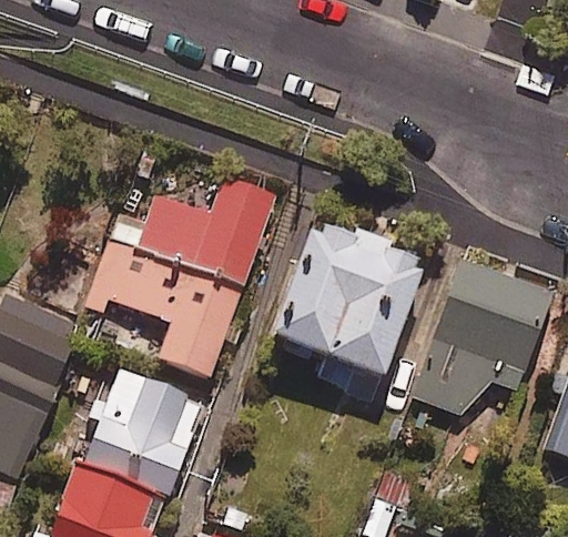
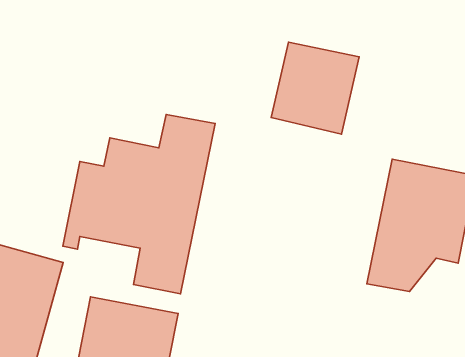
building: none -> [271,42,359,134]
building: [273,227,423,382] -> none

